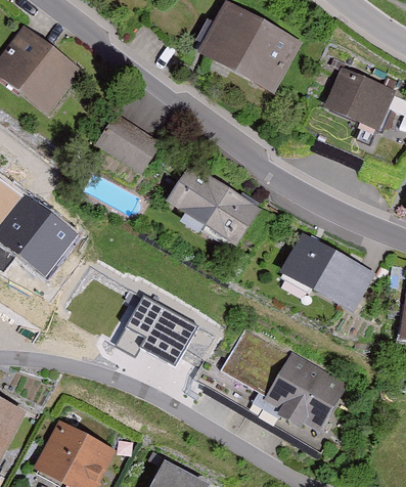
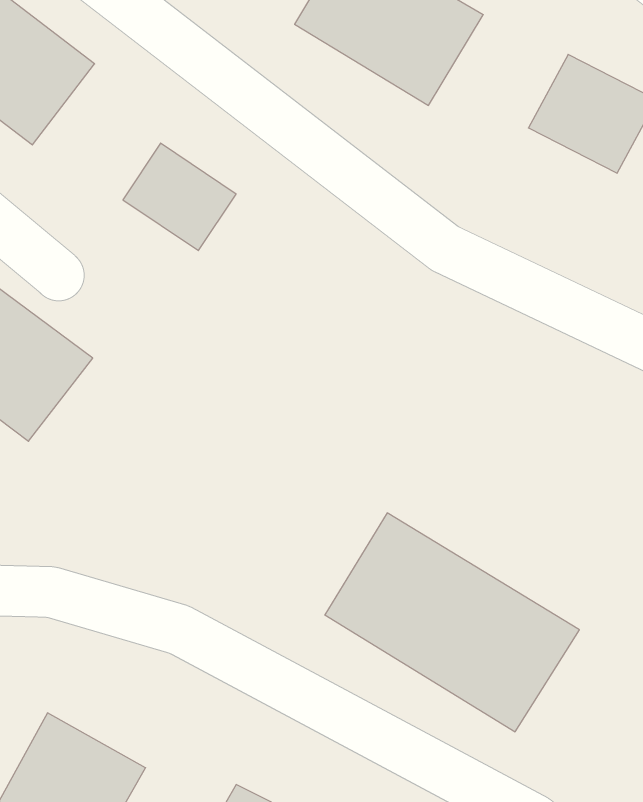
building: [167,165,264,252] -> none
building: [284,233,376,313] -> none
building: [126,295,195,362] -> none

